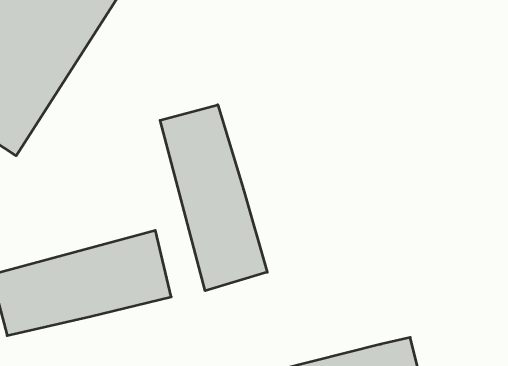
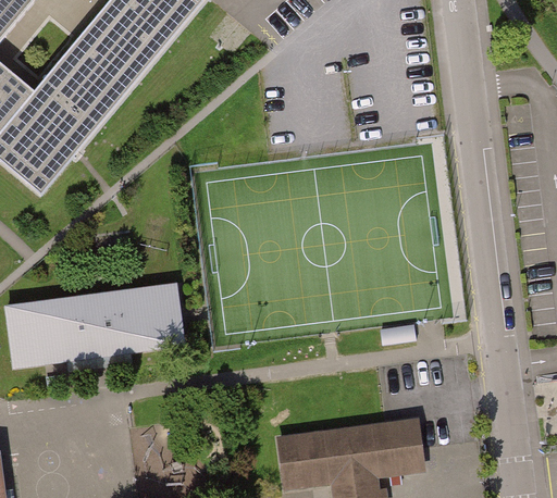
building: [160,105,267,291] -> none

